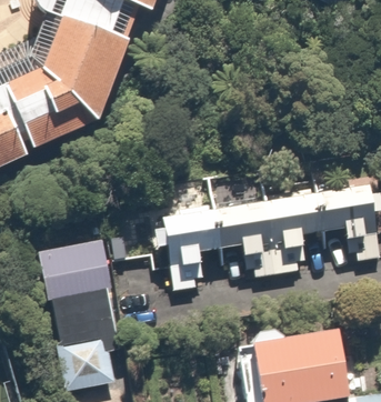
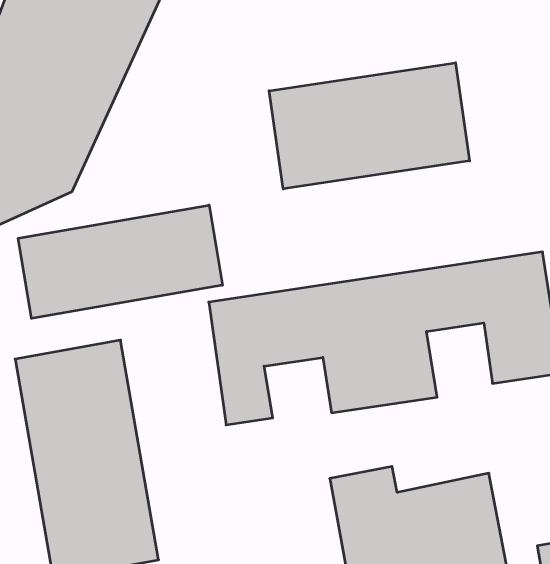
building: none -> [269,63,470,189]
building: none -> [18,205,222,318]

